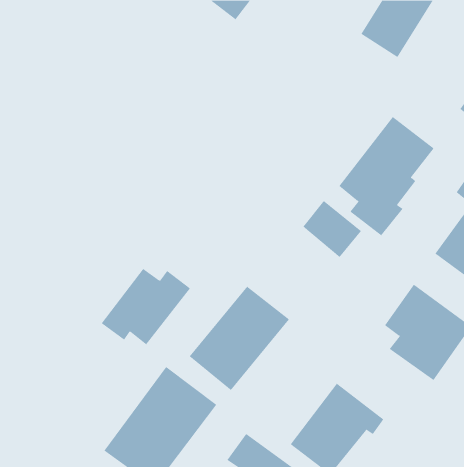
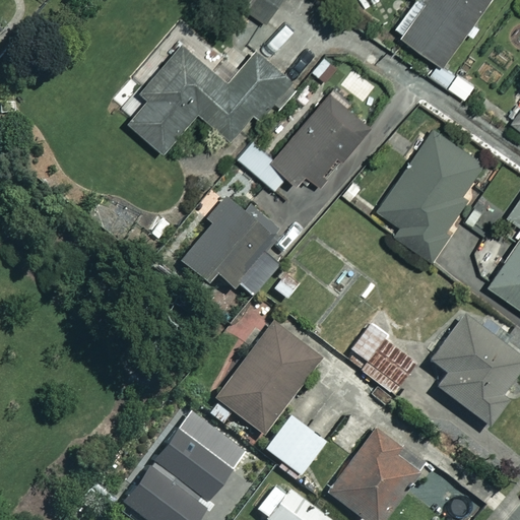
building: none -> [131,45,291,153]
building: none -> [240,93,367,194]
building: [302,200,362,258] -> [353,324,419,388]
building: [101,268,191,345] -> [180,202,279,287]
building: none -> [265,416,325,475]

